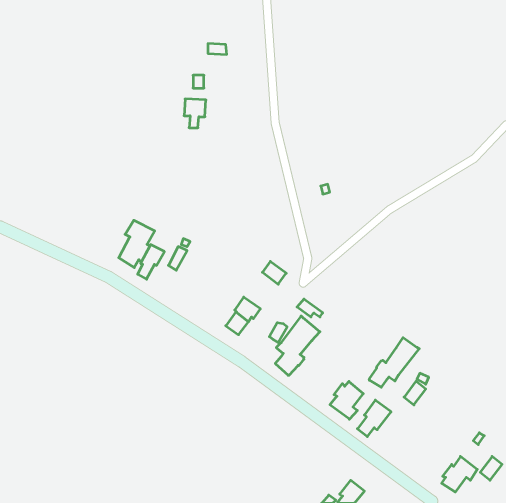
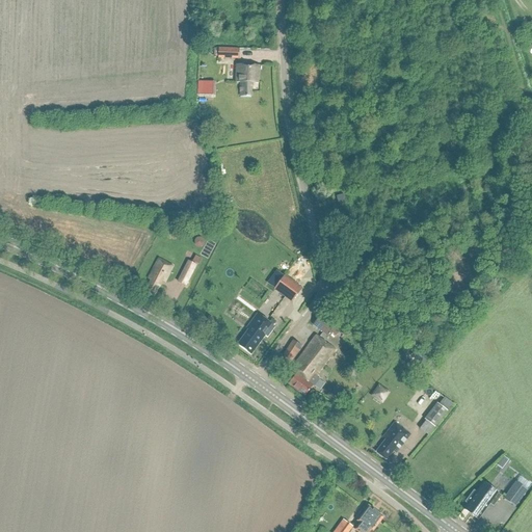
building: [184,99,206,128] -> [236,63,259,94]
building: [119,220,155,268] -> none
building: [369,338,419,387] -> none
building: [330,381,363,419] -> none

